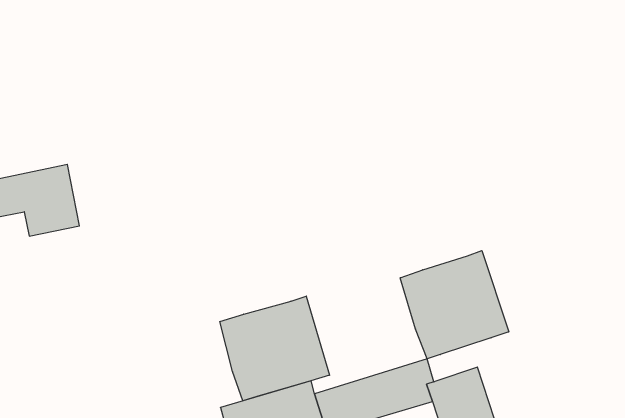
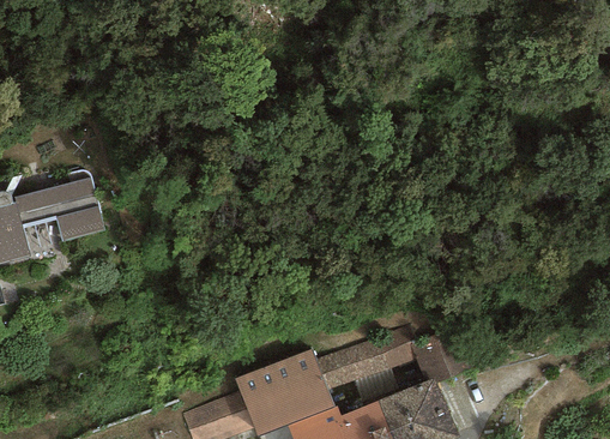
building: [400,251,509,359] -> none
building: [220,296,330,401] -> none

